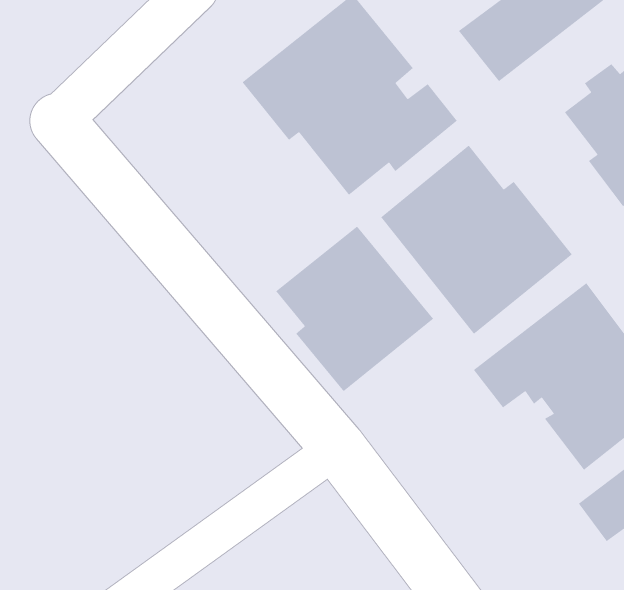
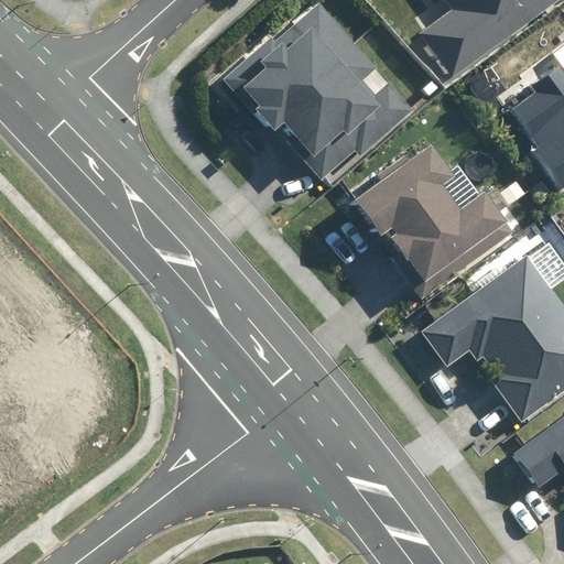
building: [275,226,434,392] -> none

